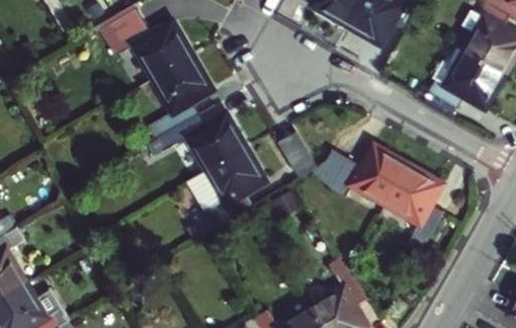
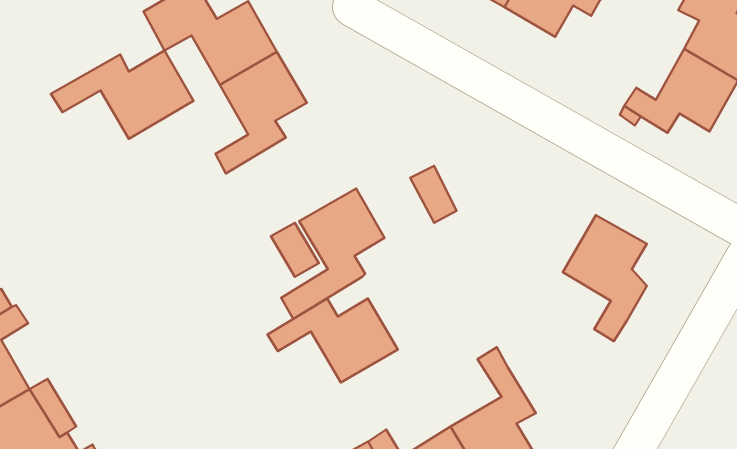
building: none -> [51,50,194,139]
building: [157,112,245,169] -> [267,299,398,383]
building: [310,146,407,203] -> none

